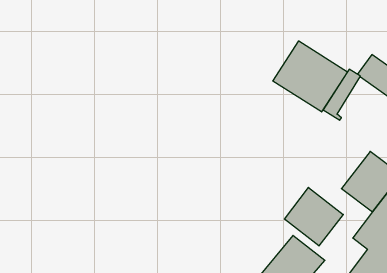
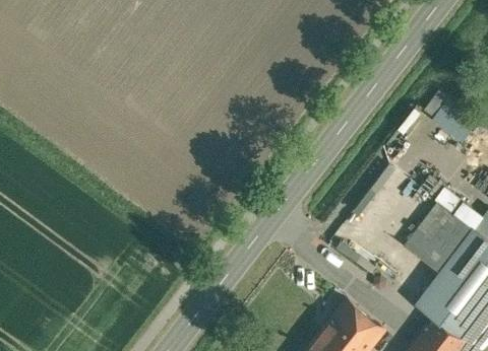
building: [273,41,348,112] -> none
building: [284,187,343,246] -> none

